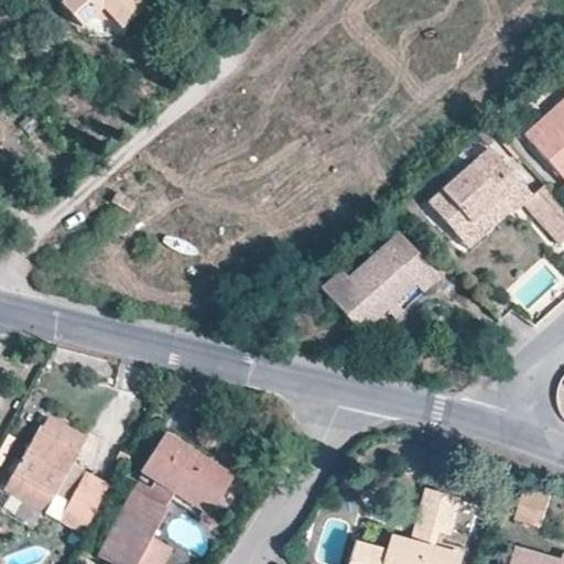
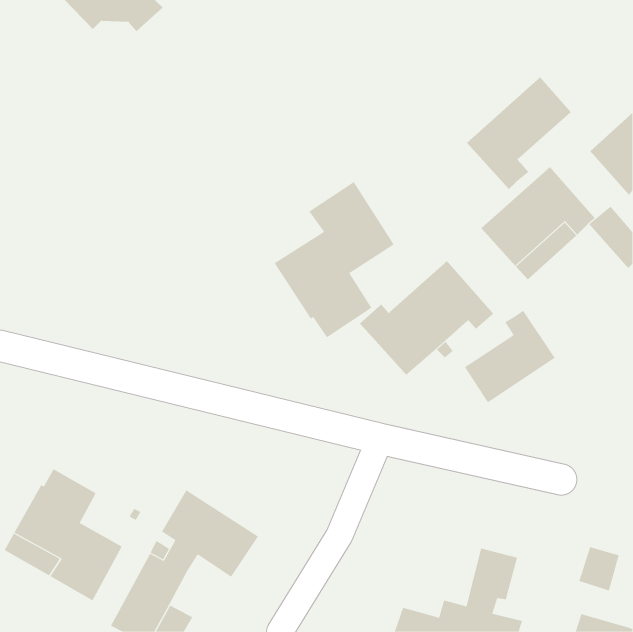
building: none -> [466,77,571,190]
building: none -> [274,181,394,338]
building: none -> [464,310,556,403]

